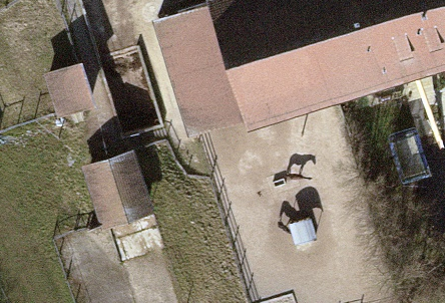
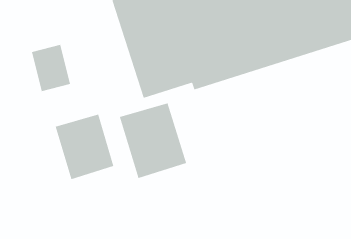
building: none -> [119,102,187,179]

